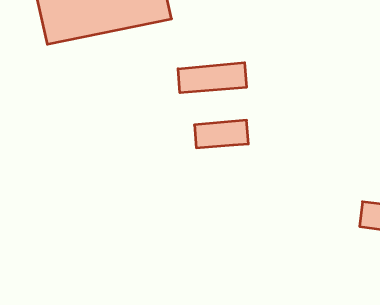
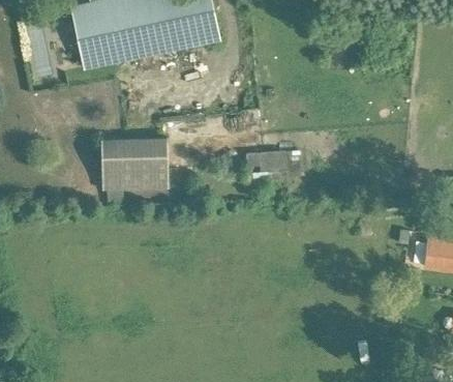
building: [178,63,246,93] -> none
building: none -> [100,139,168,190]

